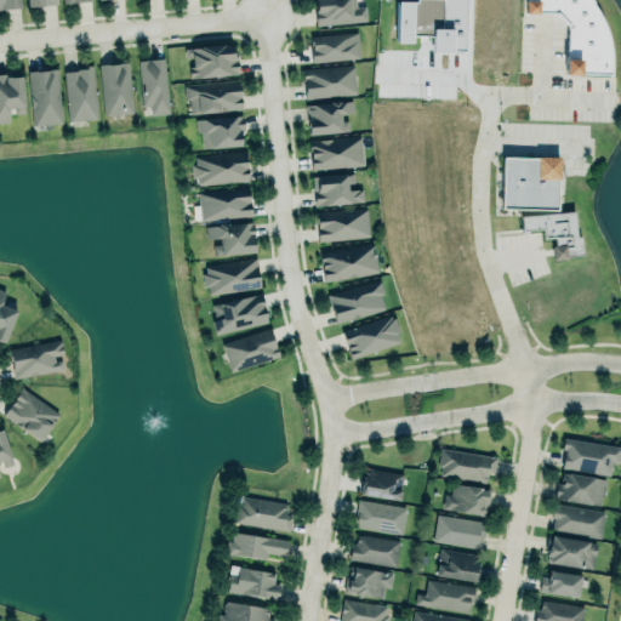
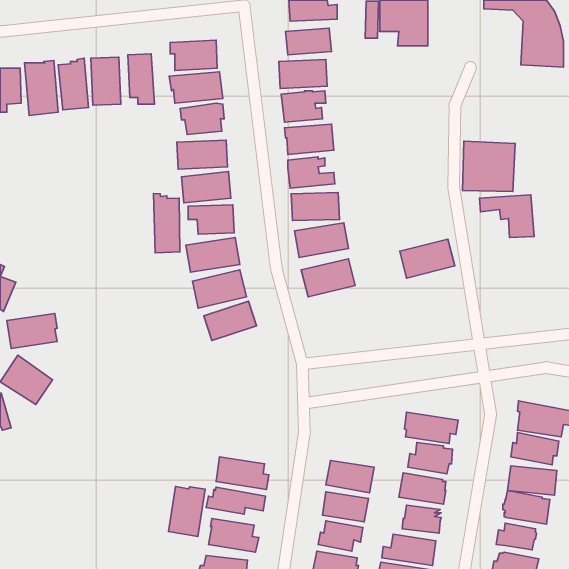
building: none -> [154,194,180,253]
building: [344,318,404,360] -> [400,239,455,278]
building: [363,472,405,502] -> none
building: none -> [168,486,205,537]

